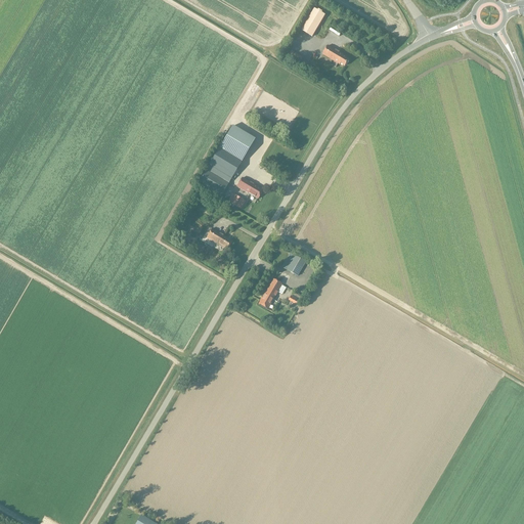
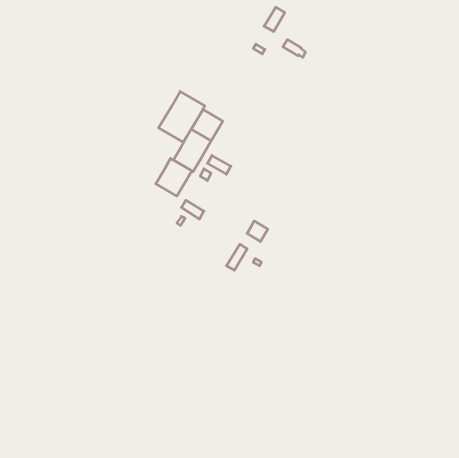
building: none -> [159,91,205,142]
building: none -> [156,158,192,196]

